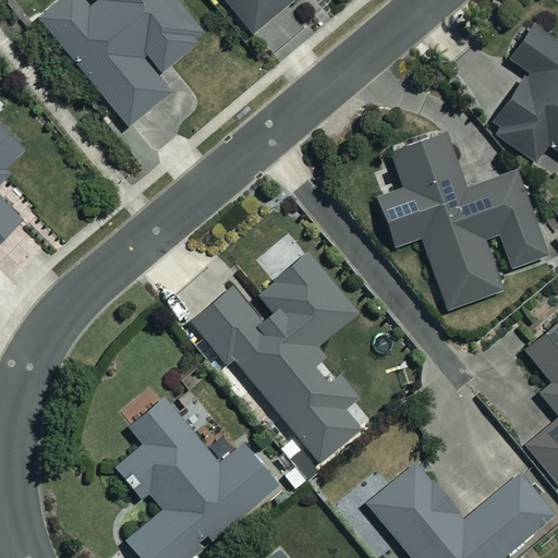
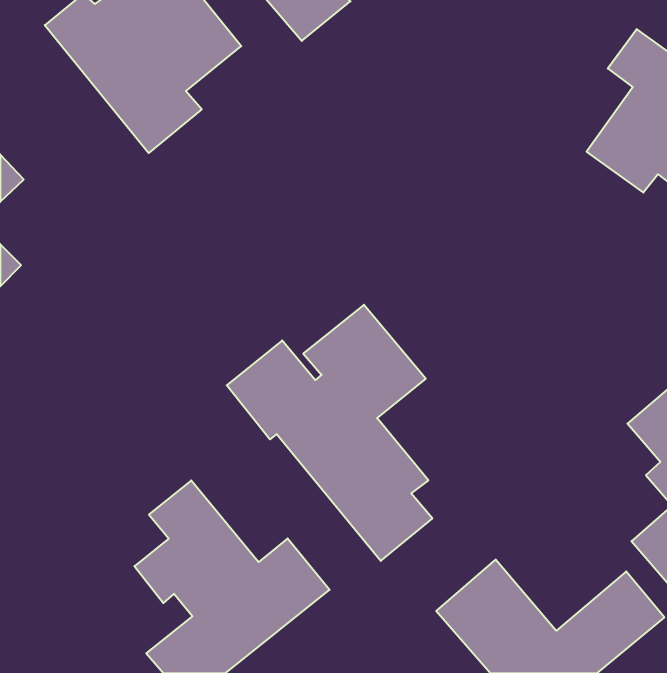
building: [377,132,547,311] -> none

